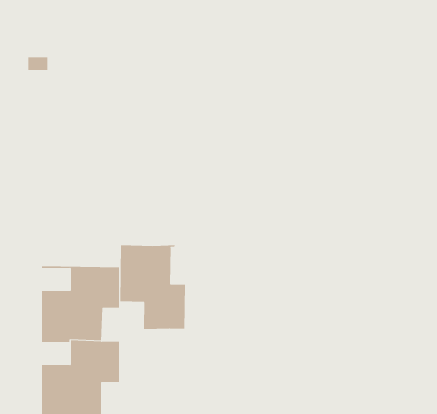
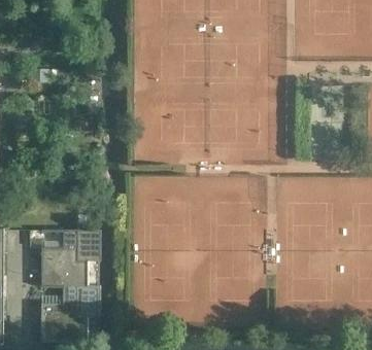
building: [120,245,185,330] -> none

